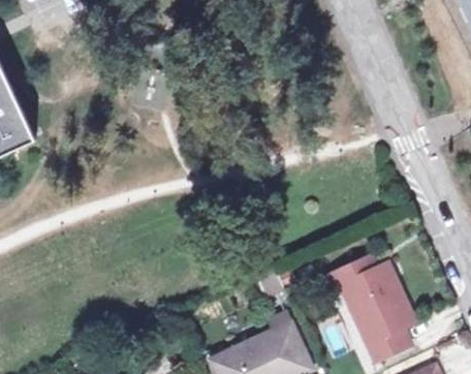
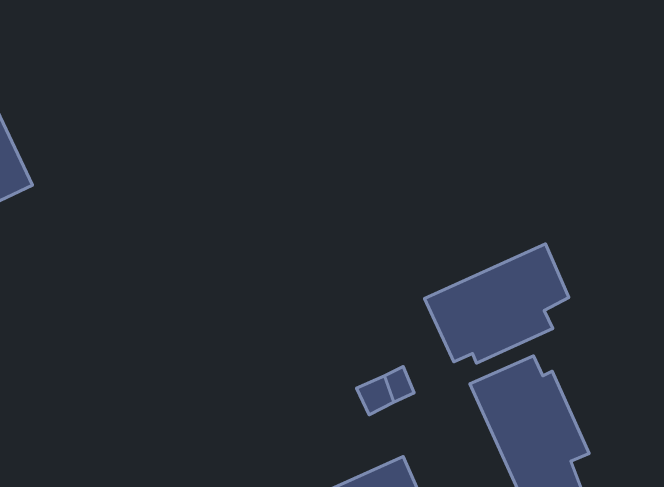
building: none -> [424,244,569,363]

